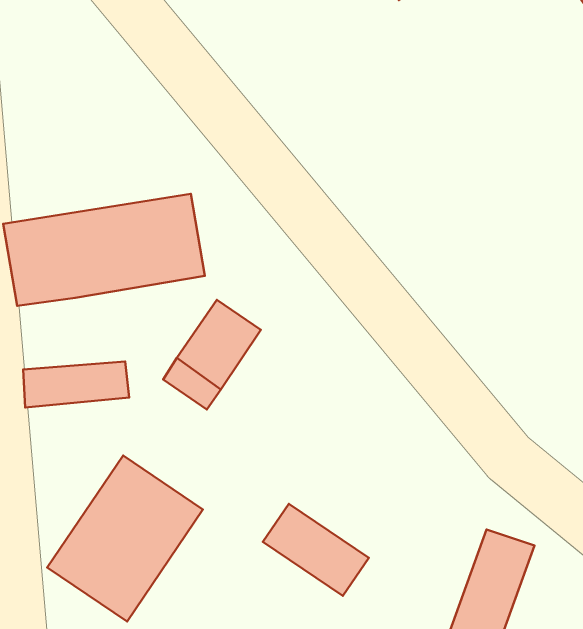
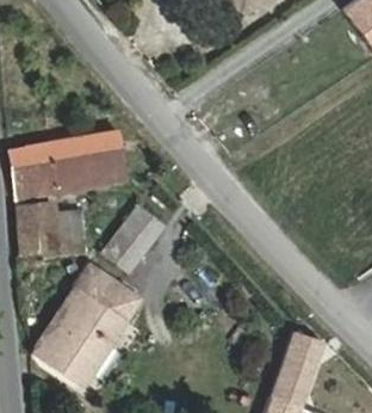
building: none -> [16,193,80,236]
building: [263,504,369,596] -> [79,265,142,320]

